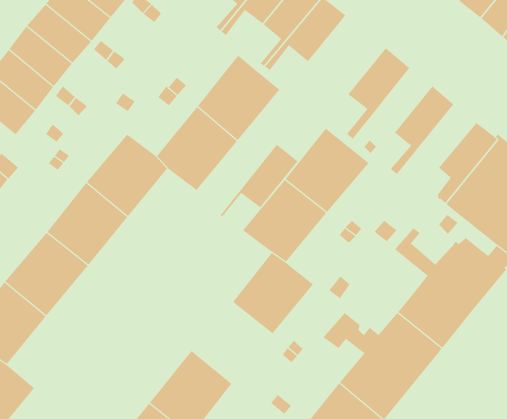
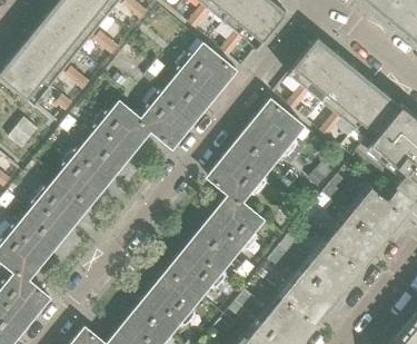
building: none -> [325,81,385,137]
building: [220,144,298,217] -> [291,53,351,109]
building: none -> [168,232,230,294]

